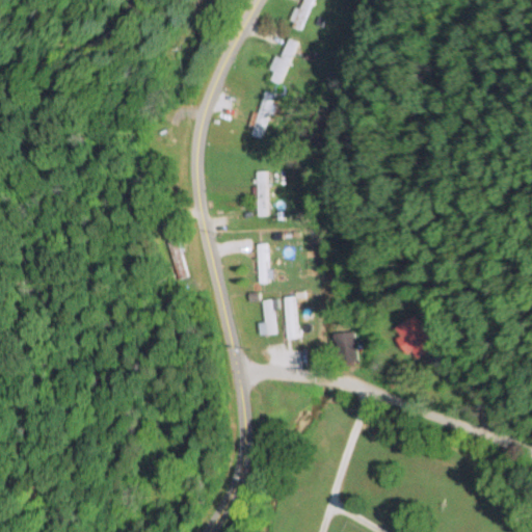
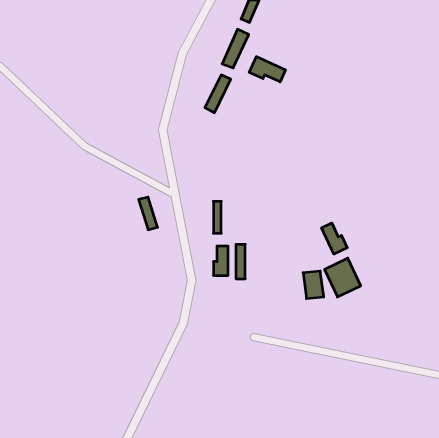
building: none -> [249,57,285,82]
building: [255,171,269,216] -> none
building: none -> [322,223,347,254]
building: [335,331,360,365] -> [303,271,324,299]

